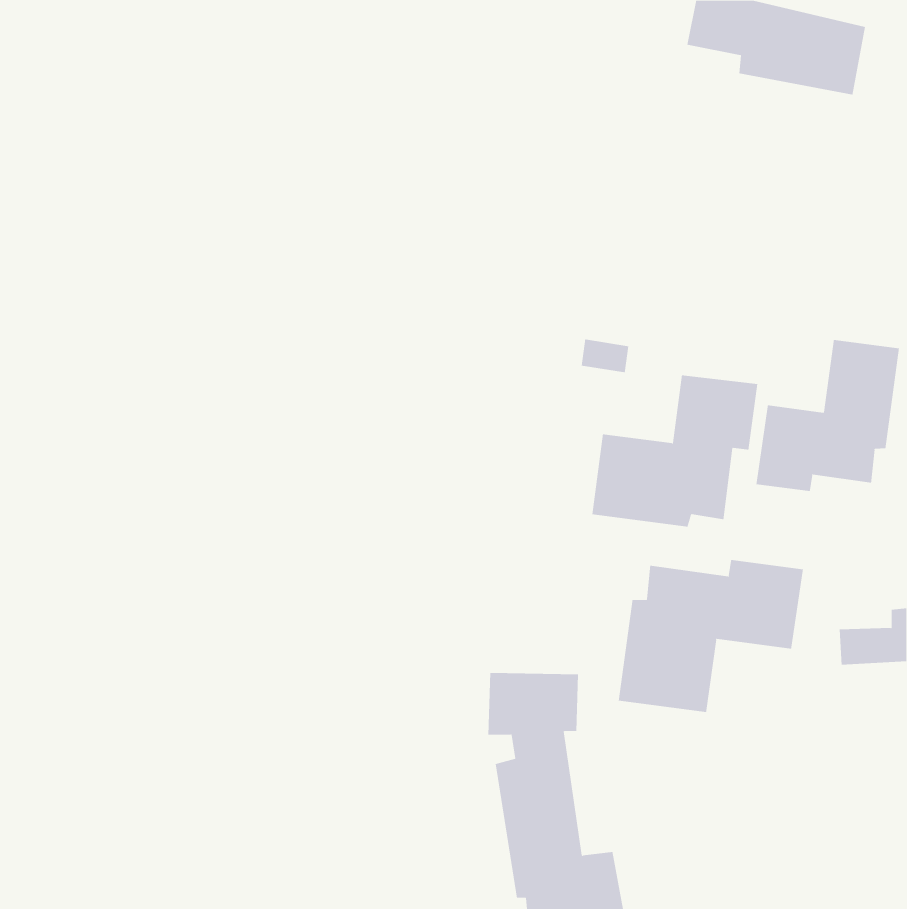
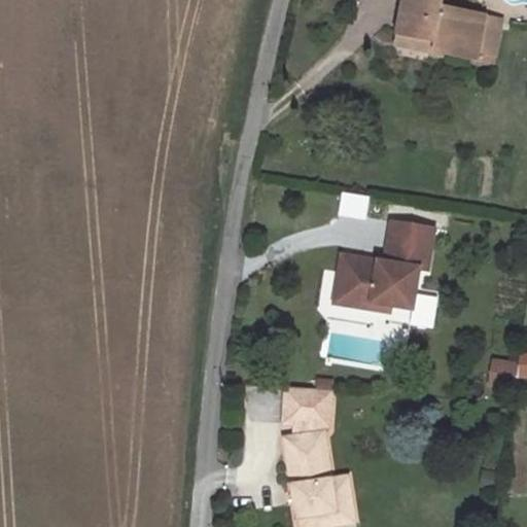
building: [756,339,900,492] -> none
building: [618,559,804,713] -> none

